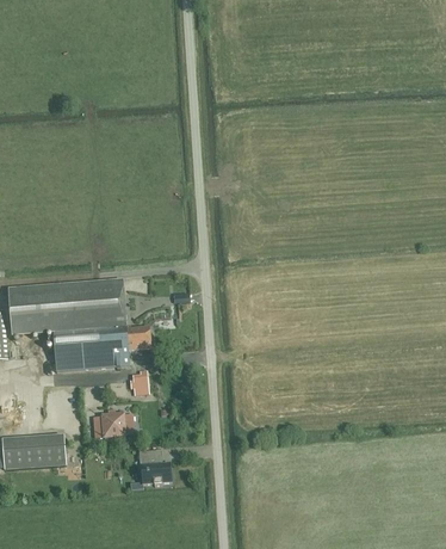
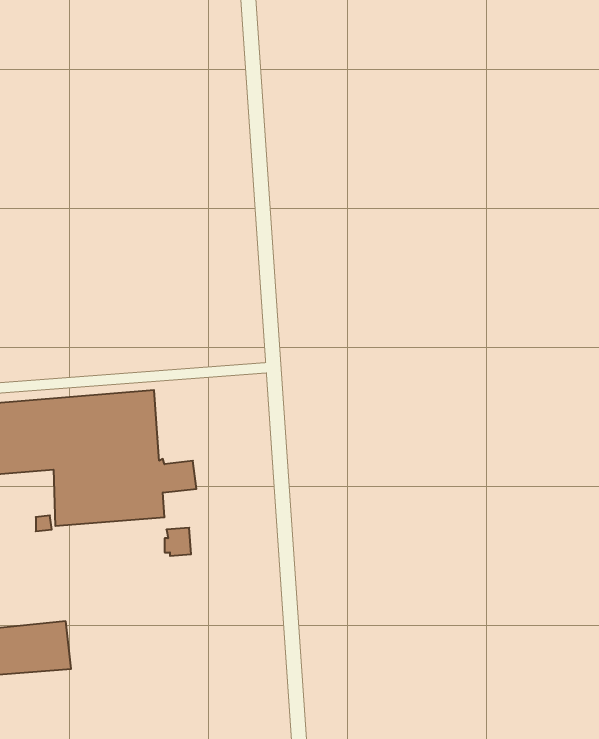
building: [93,411,132,434] -> none
building: [137,449,169,483] -> none

